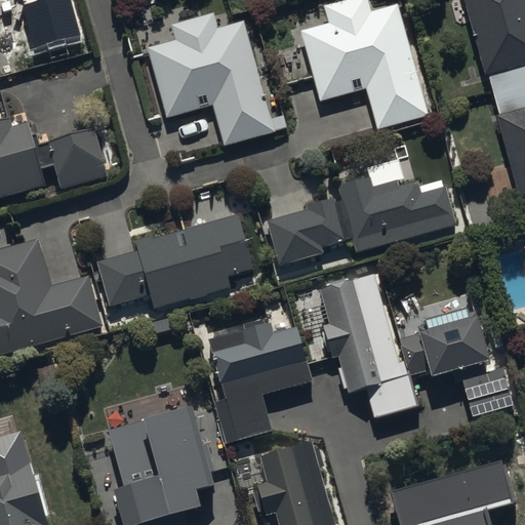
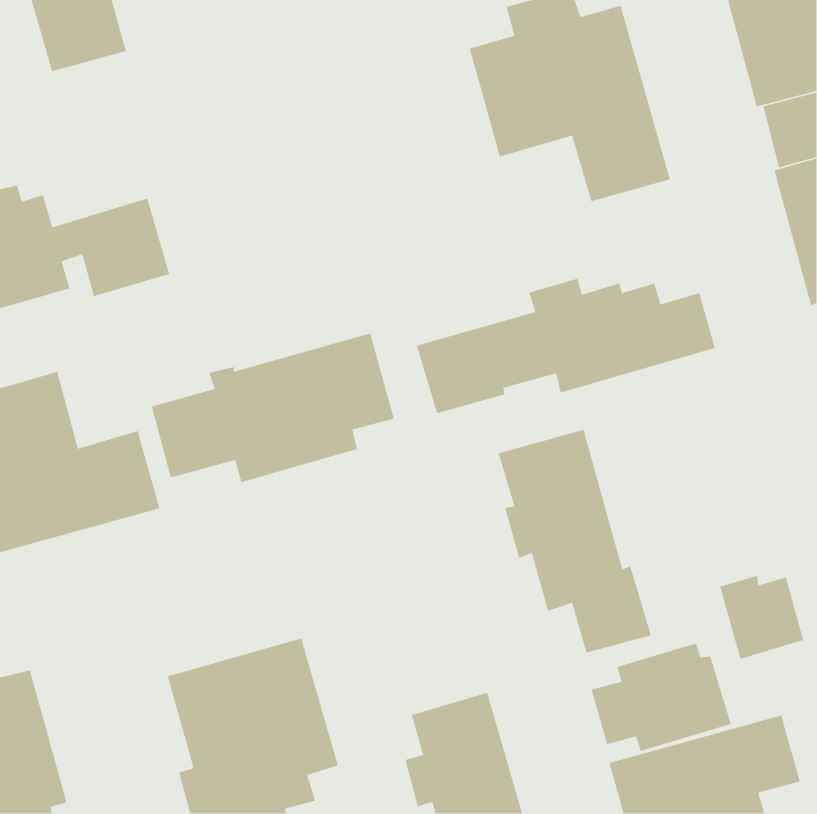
building: [147,12,276,147] -> none
building: [400,310,490,379] -> [590,643,732,752]
building: [208,323,311,444] -> none

